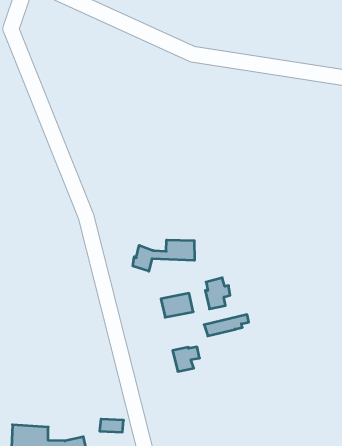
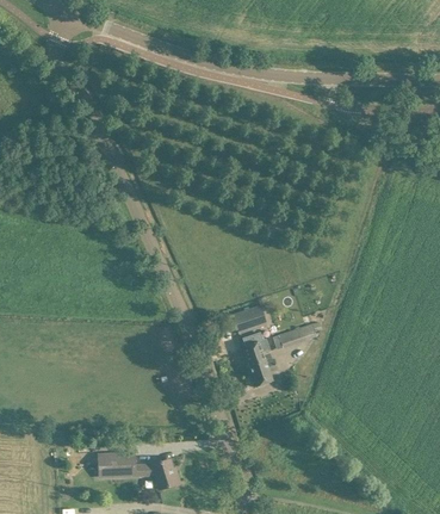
building: [133,240,194,271] -> none
building: [205,278,230,309] -> [244,333,269,365]

